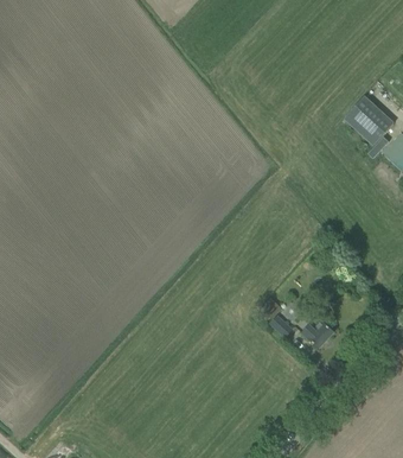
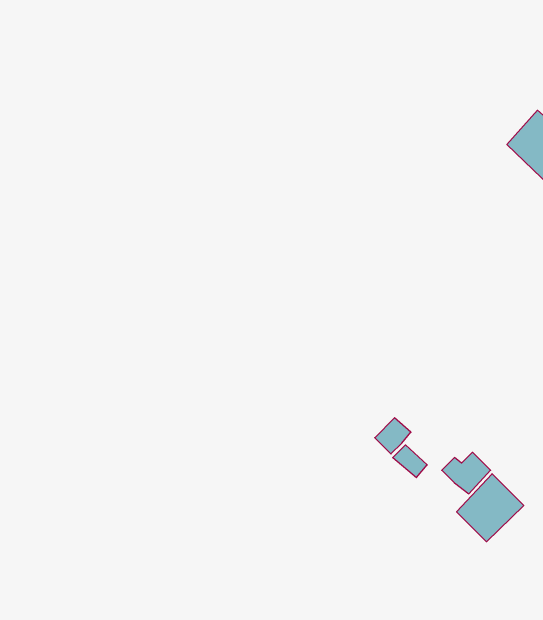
building: none -> [457,474,524,542]

